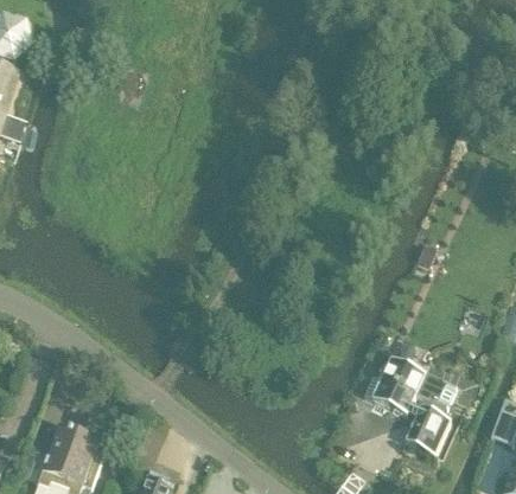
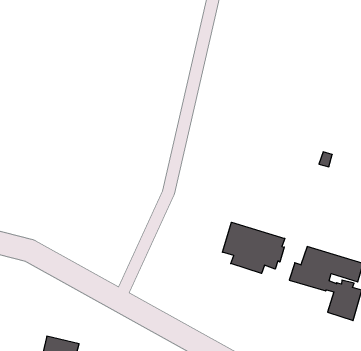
building: none -> [222,222,285,273]

